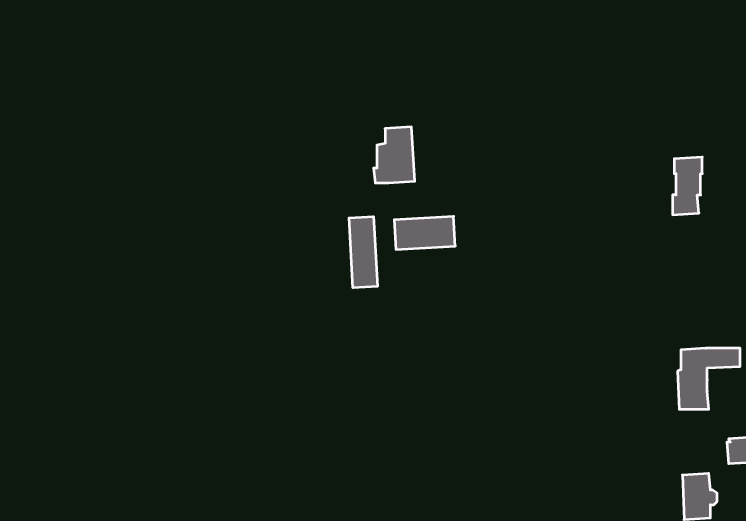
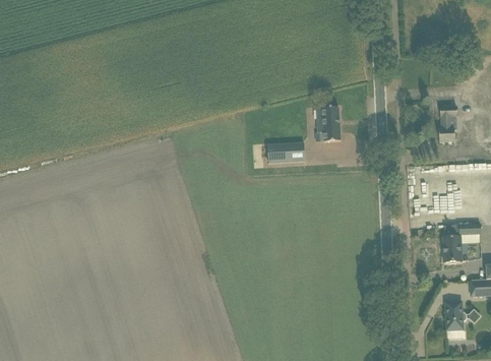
building: [374,127,415,183] -> [315,106,341,140]
building: [349,217,377,288] -> none

